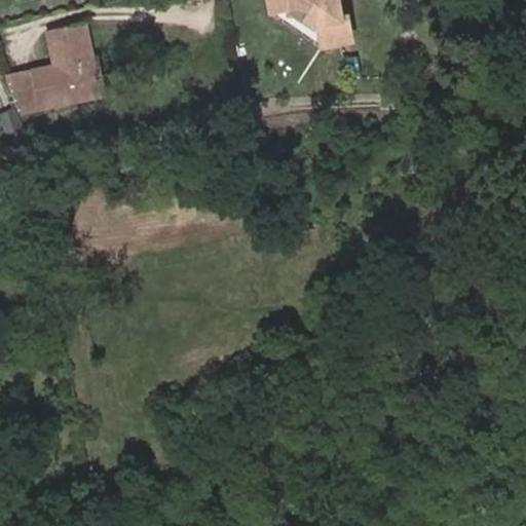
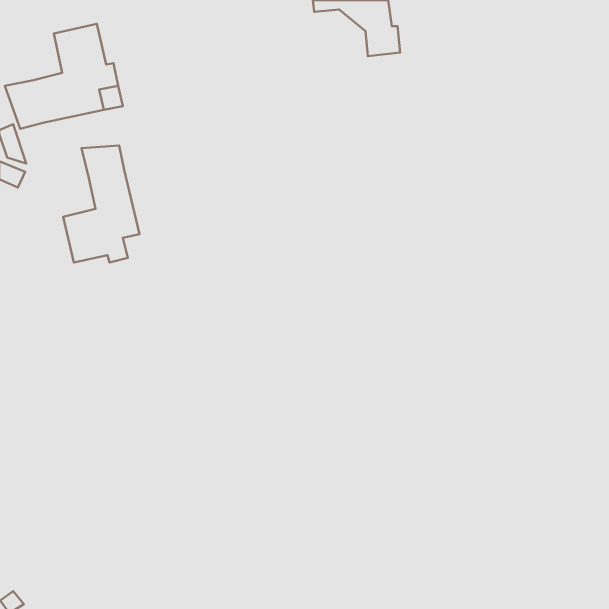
building: none -> [63,145,140,262]

